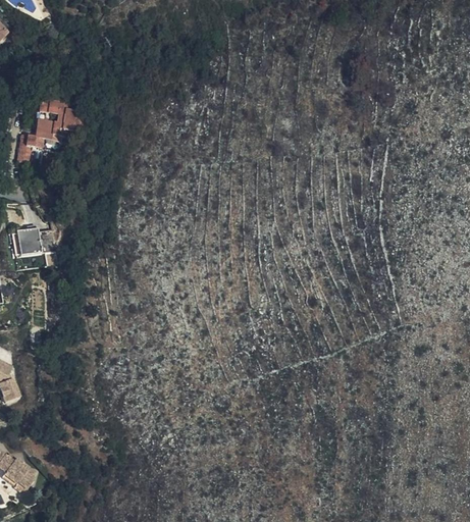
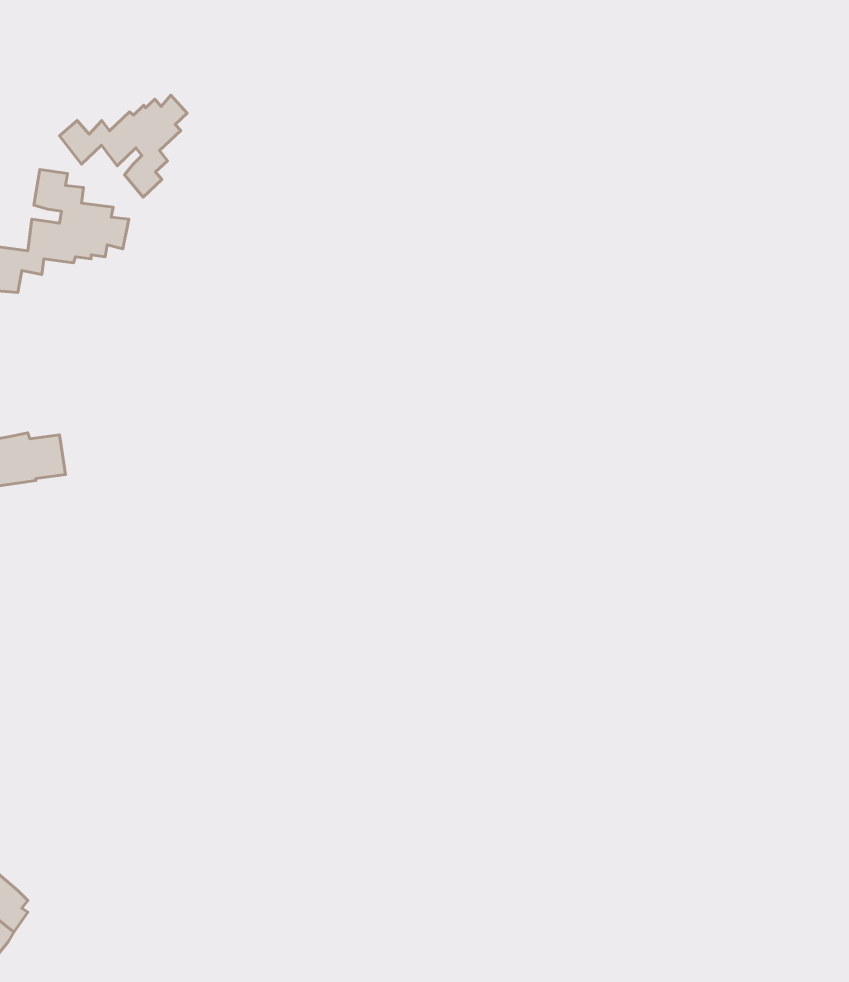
building: none -> [60,95,187,197]

